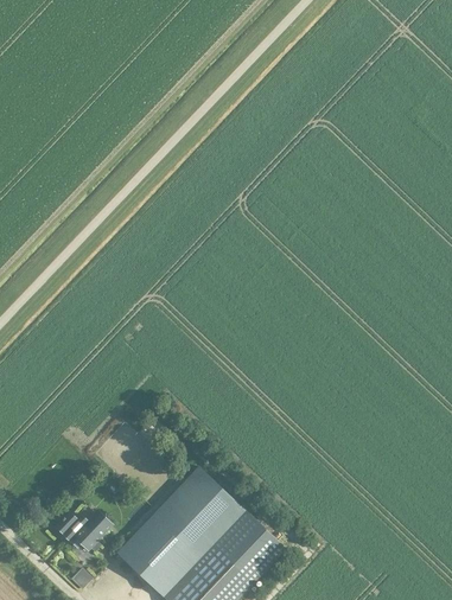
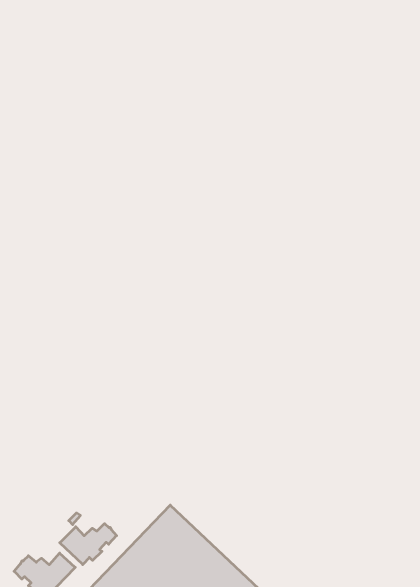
building: none -> [60,524,117,565]

